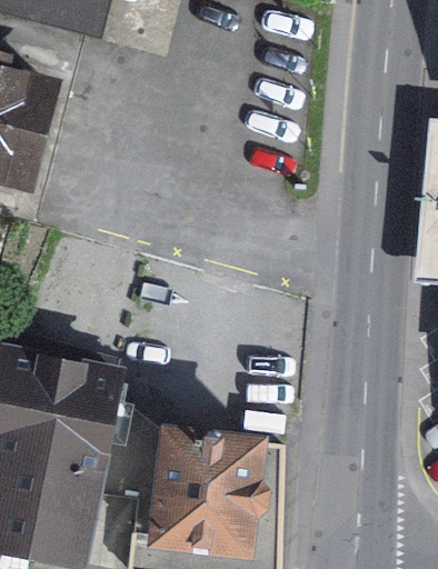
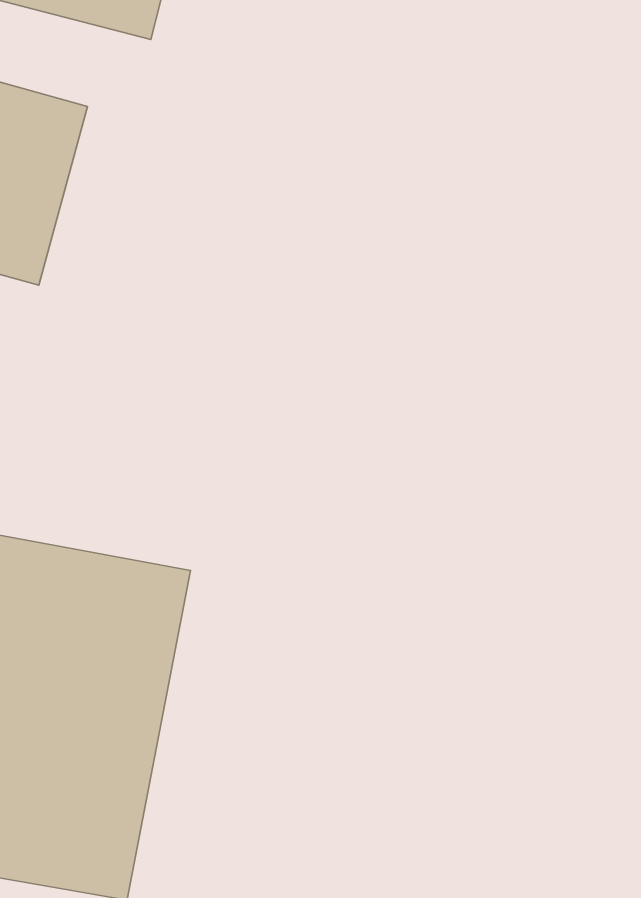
building: [143,423,267,559] -> none

